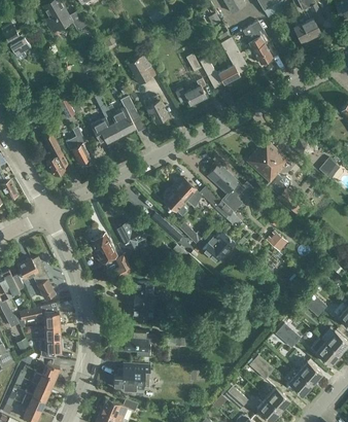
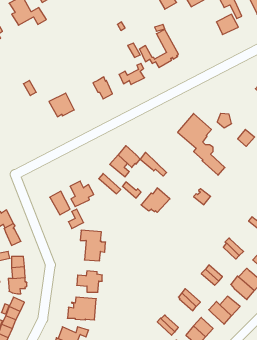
building: [241,22,272,65] -> none
building: [128,56,151,85] -> none
building: [105,96,139,136] -> none
building: [65,128,90,164] -> none
building: [43,132,67,176] -> none
building: [208,165,245,212] -> none

